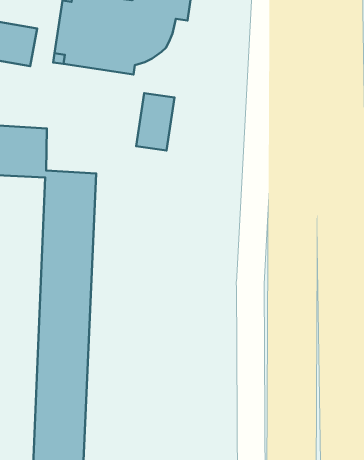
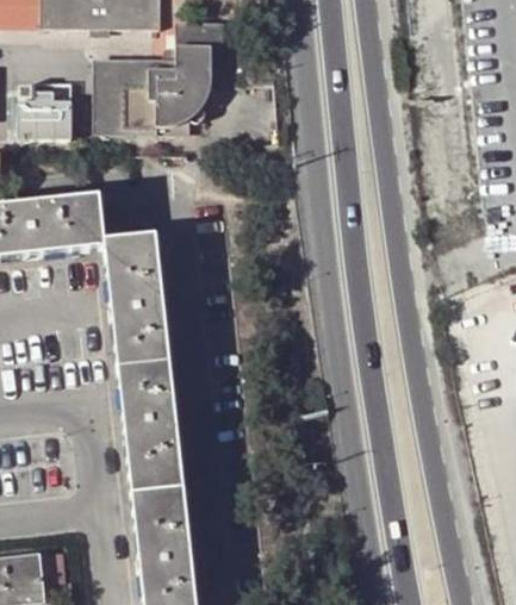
building: [136,93,174,150] -> none

